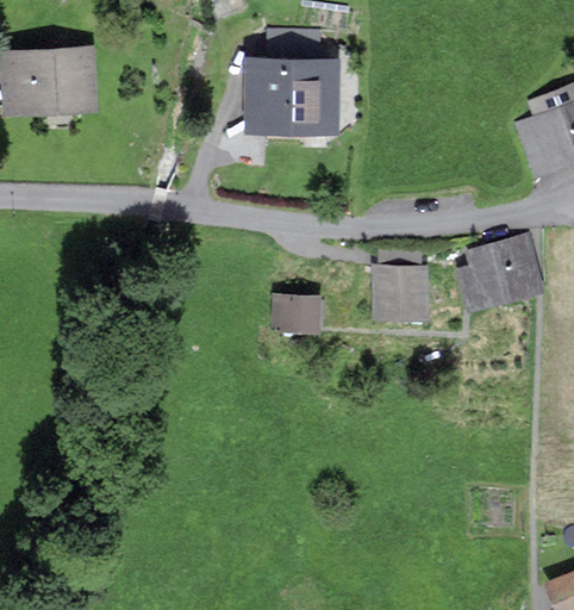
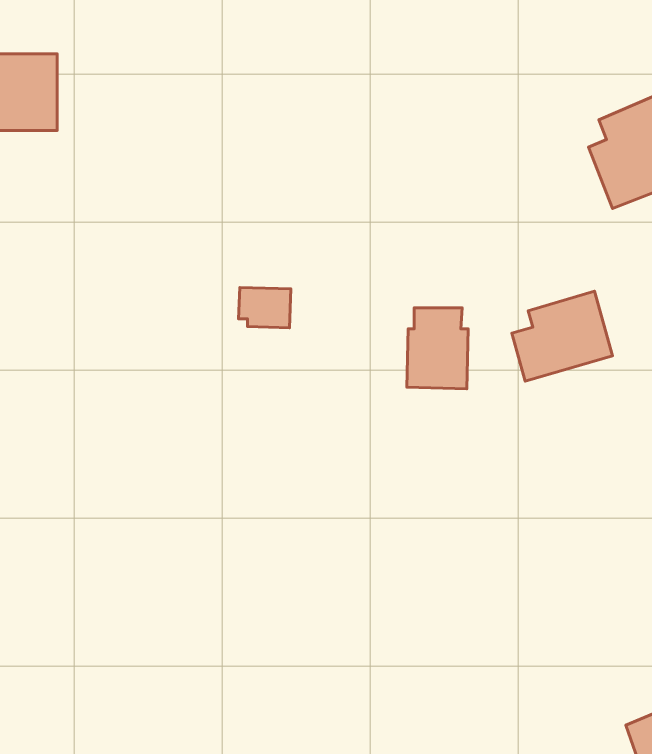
building: [249,33,331,131] -> none
building: [274,300,316,332] -> [238,287,291,328]

